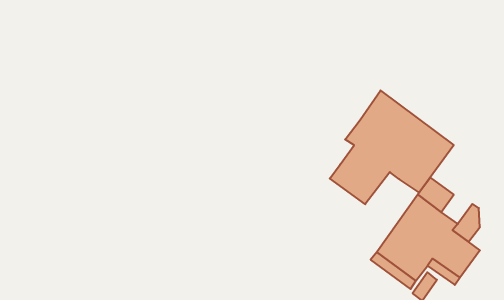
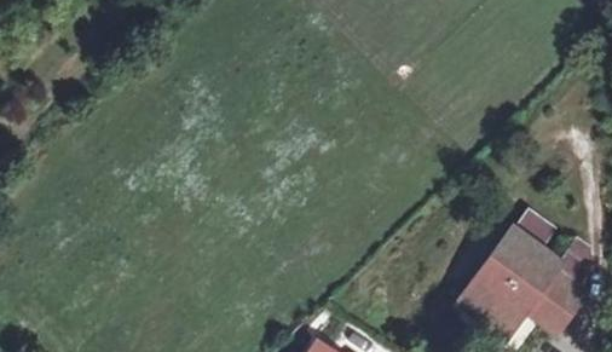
building: [330,90,454,204] -> none

